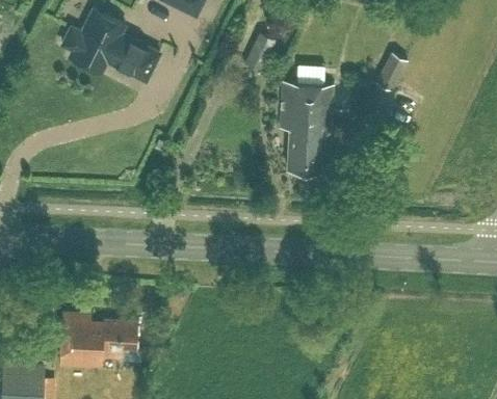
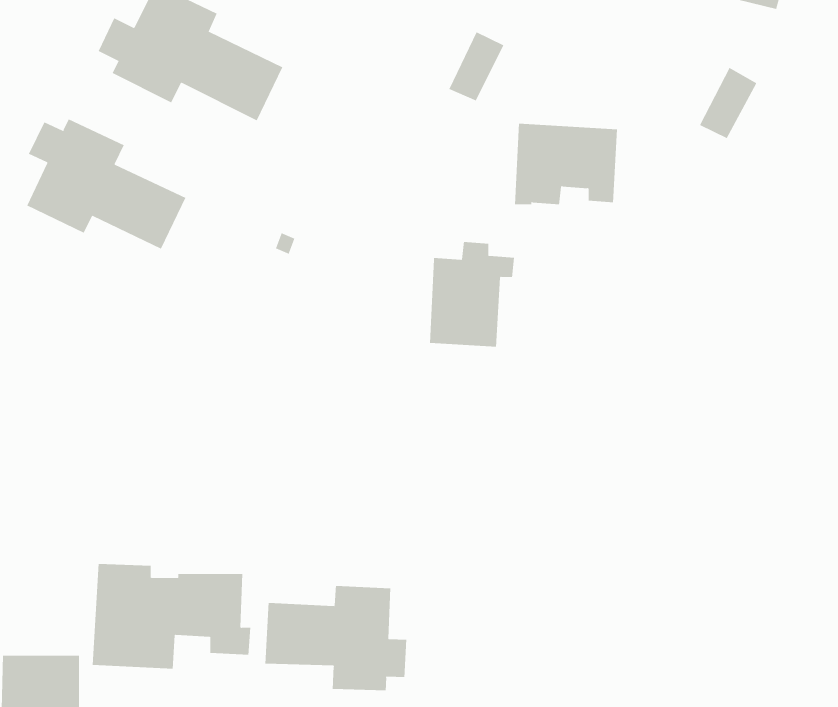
building: none -> [27,119,186,250]
building: [286,116,331,171] -> [429,242,515,347]
building: none -> [265,585,407,691]

